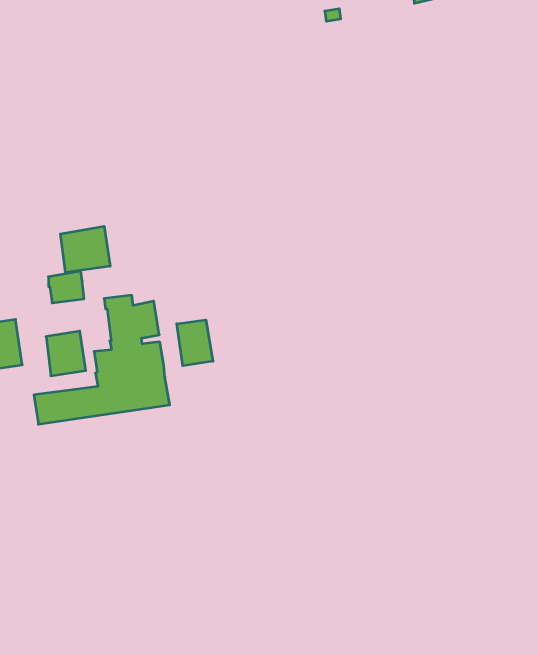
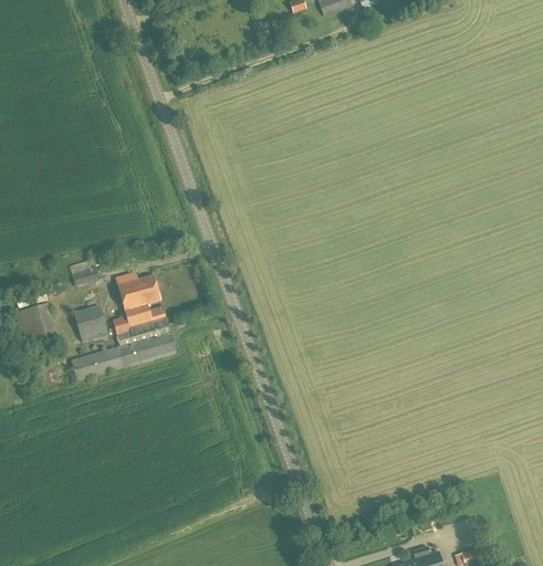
building: [60,226,110,273] -> none
building: [177,320,213,366] -> none

